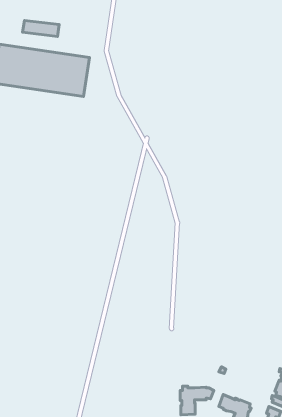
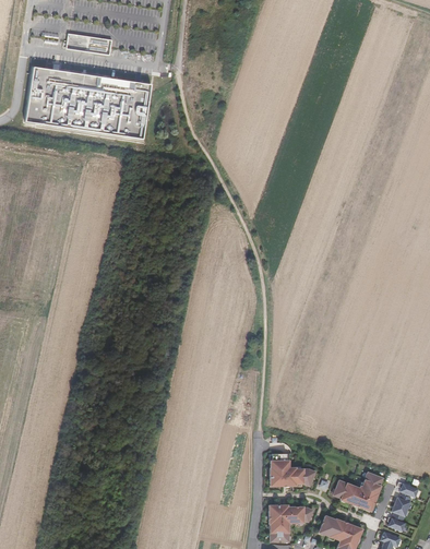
building: none -> [270,453,314,485]
building: none -> [333,472,382,509]

